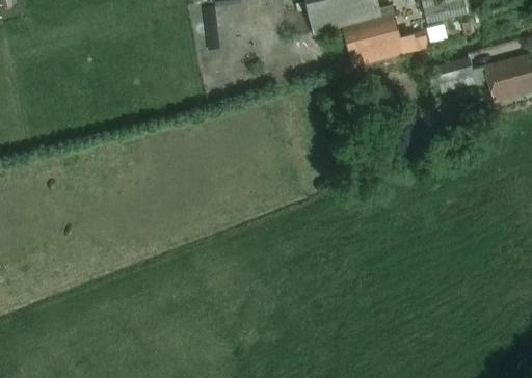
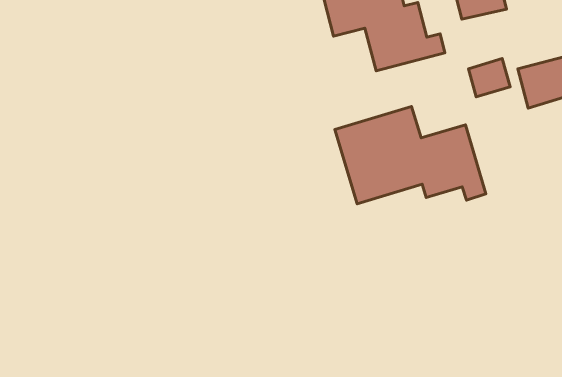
building: none -> [335,106,486,204]

